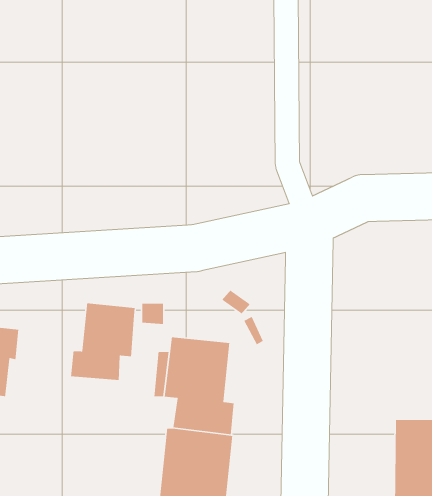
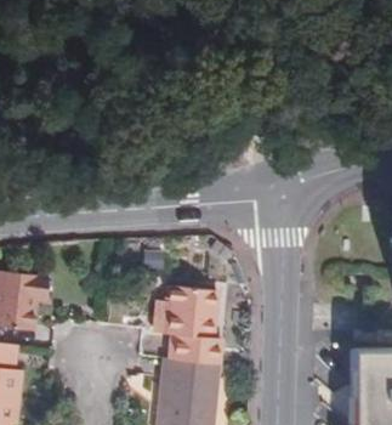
building: [70,303,136,381] -> none

